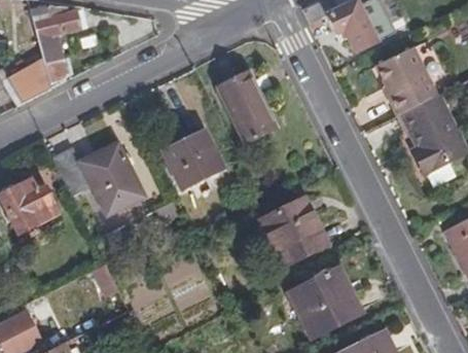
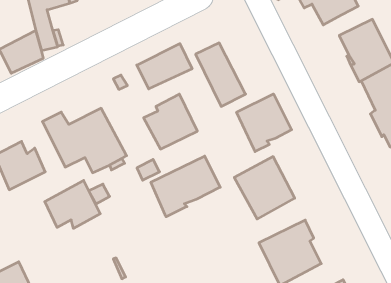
building: none -> [137,44,192,89]
building: none -> [237,94,292,152]
building: none -> [151,156,220,217]
building: none -> [45,180,100,228]

